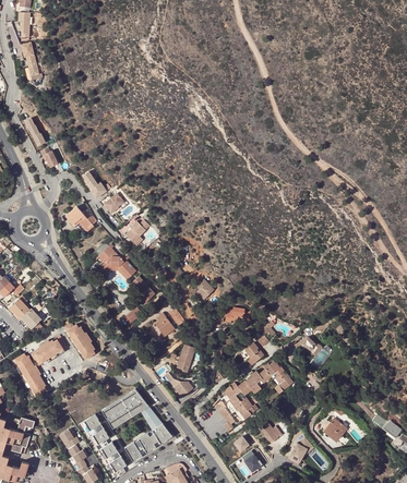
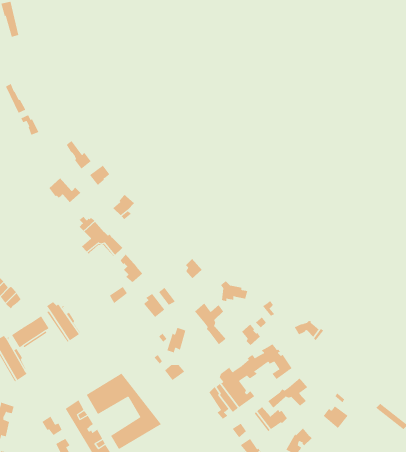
building: none -> [194,303,227,345]
building: none -> [267,378,308,409]

